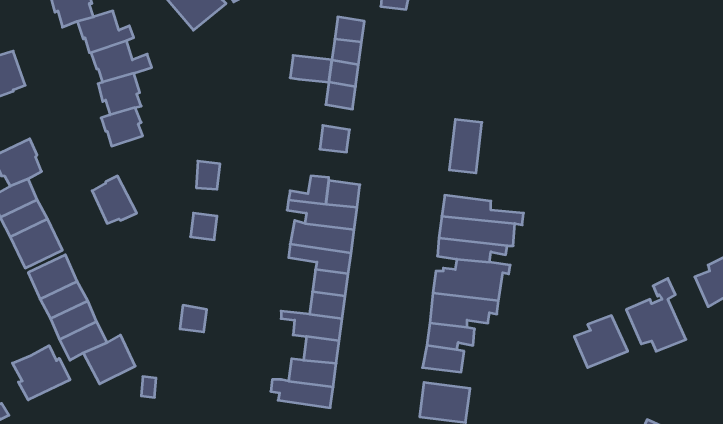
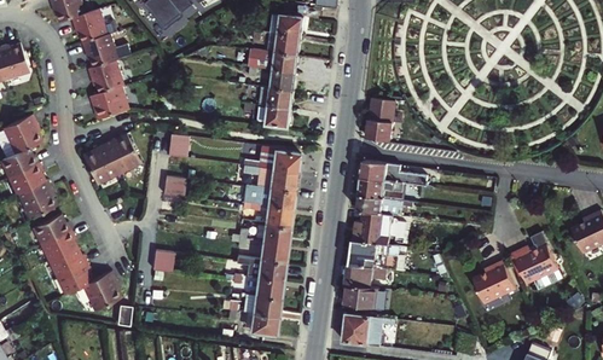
building: none -> [260,86,294,108]
building: none -> [103,137,139,175]
building: [12,346,70,400] -> none

